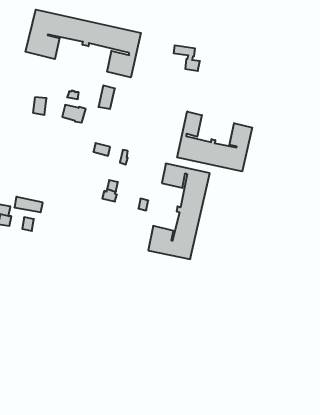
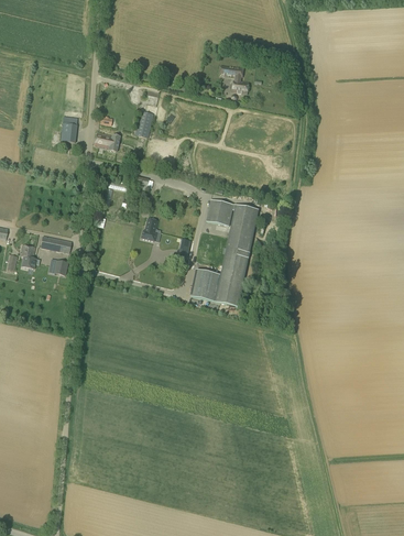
building: [25,10,141,77] -> none
building: [177,111,252,171] -> none

